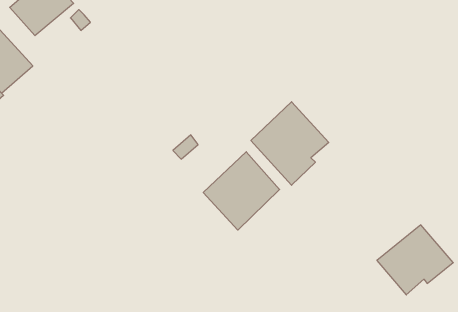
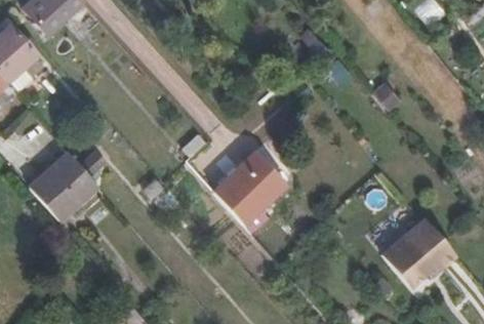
building: [251,102,329,185] -> none
building: none -> [29,153,102,224]

